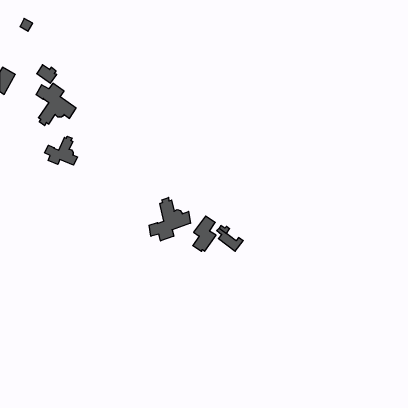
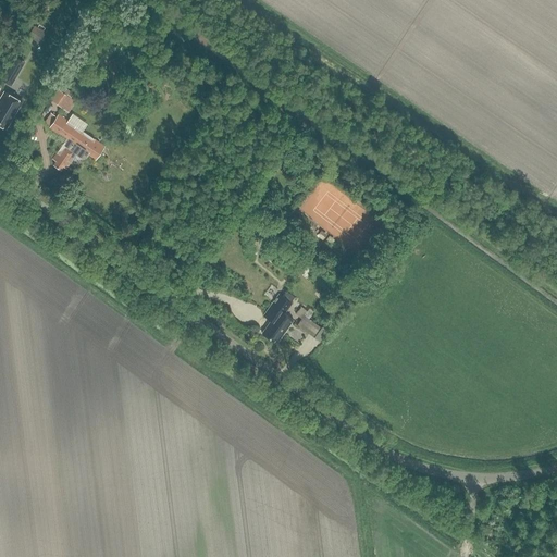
building: [45,136,78,165] -> none
building: [149,197,191,241] -> none

